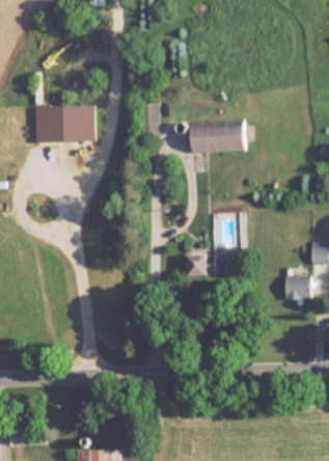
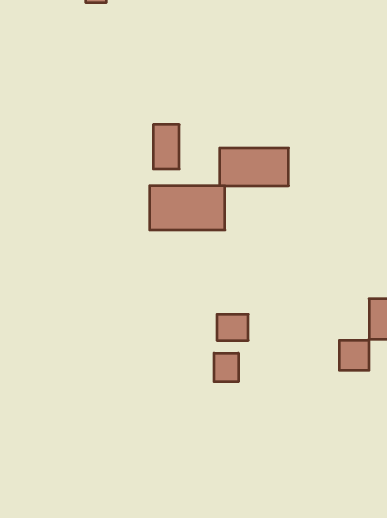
building: [32,105,92,140] -> [150,186,225,230]
building: none -> [214,353,238,382]

